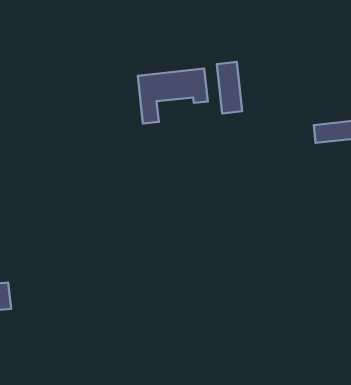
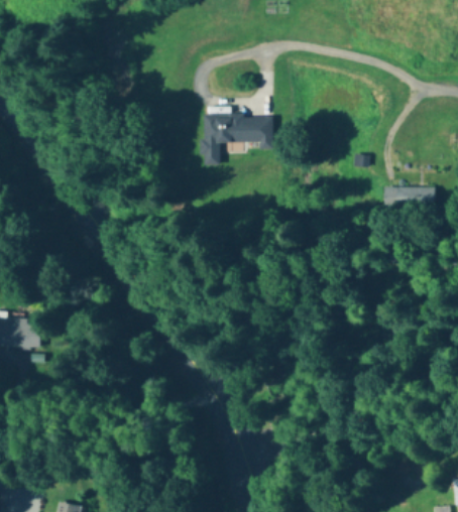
building: [217,62,242,113] -> none

